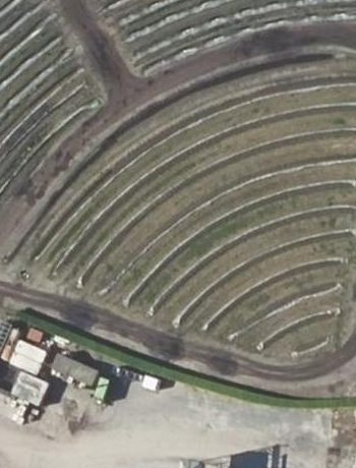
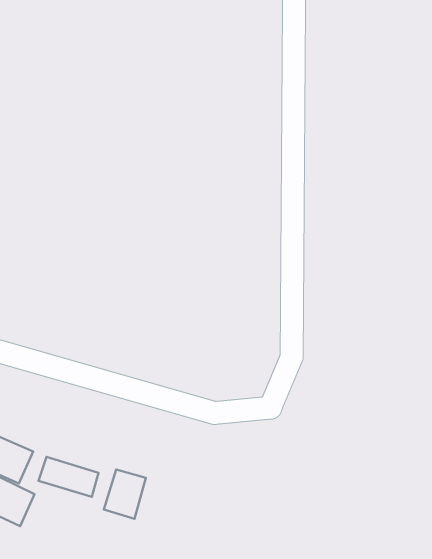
building: none -> [104,470,146,519]

